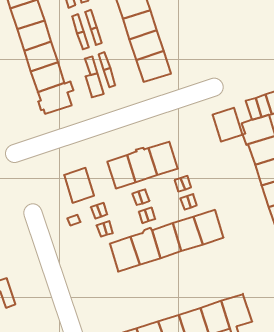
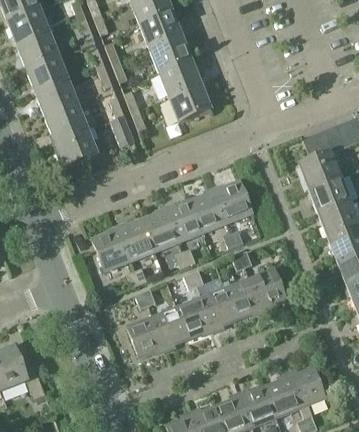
building: [212,108,243,142] -> [215,181,252,222]
building: none -> [118,219,155,260]
building: none -> [127,316,164,358]

